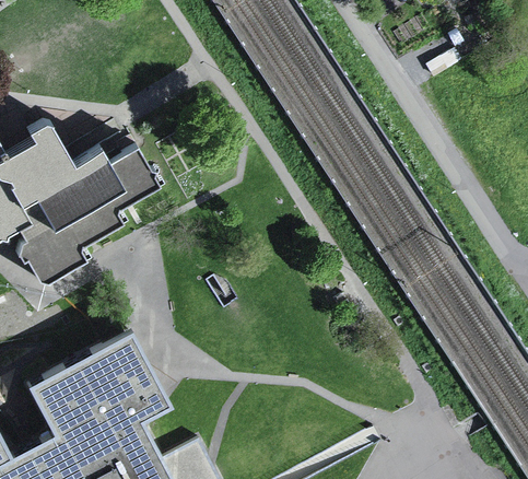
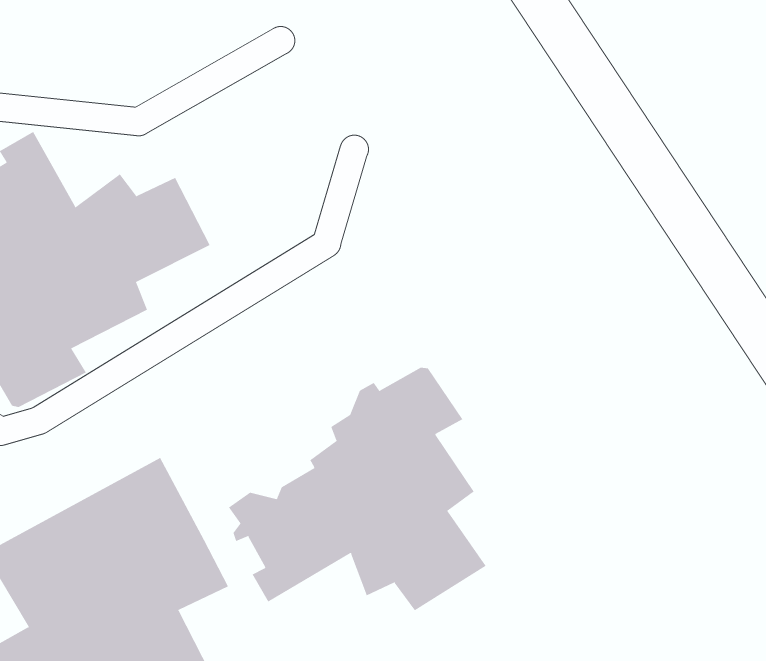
building: none -> [228,367,486,611]

